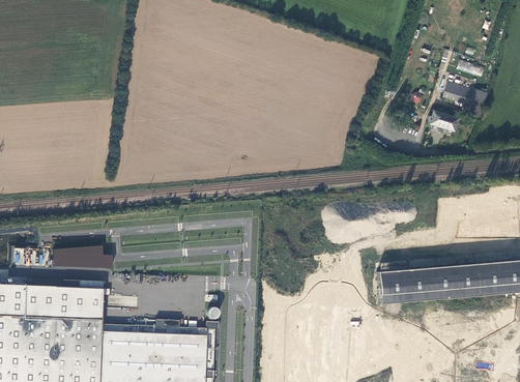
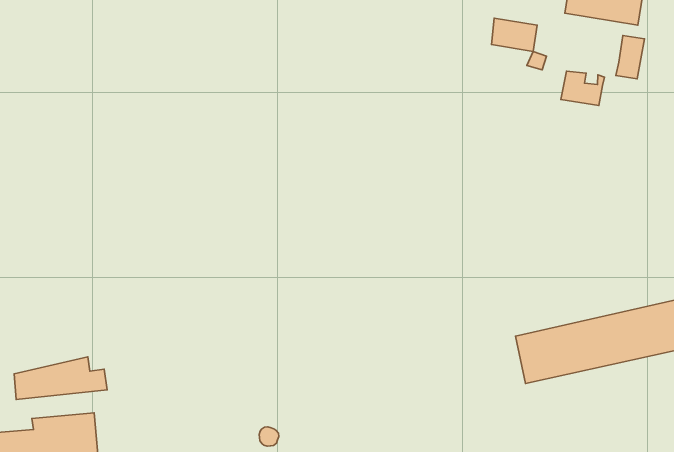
building: [442,81,473,106] -> [492,18,537,52]

